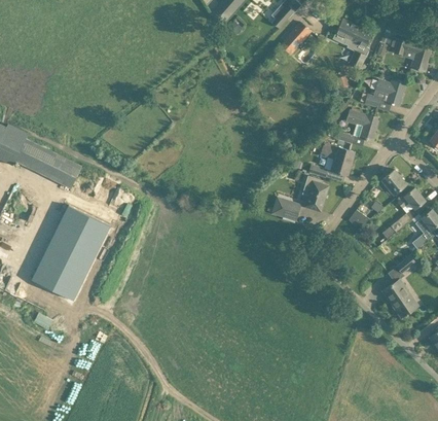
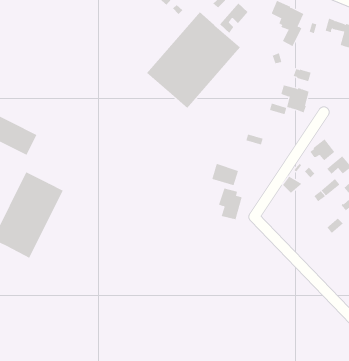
building: none -> [146,11,241,109]
building: [375,79,405,107] -> none
building: [321,144,354,176] -> none
building: [301,175,328,210] -> [218,188,243,220]
building: [384,280,415,318] -> none

